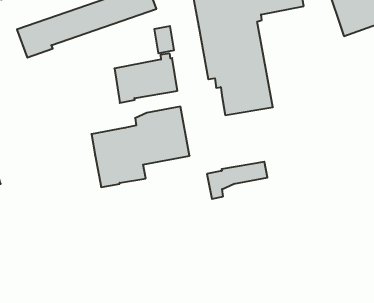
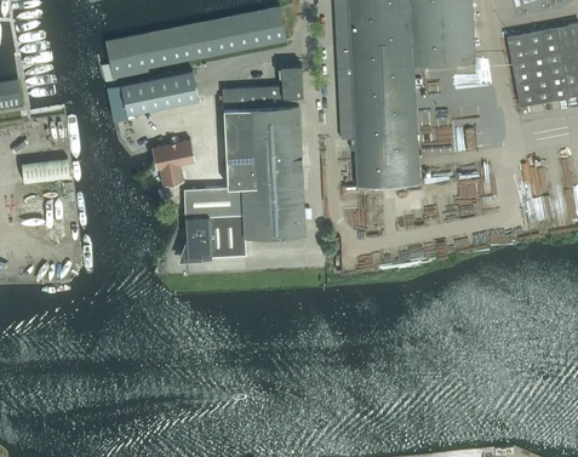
building: none -> [108,70,199,121]
building: none -> [219,86,280,109]
building: none -> [153,139,196,185]
building: [207,162,267,199] -> [225,148,302,187]

